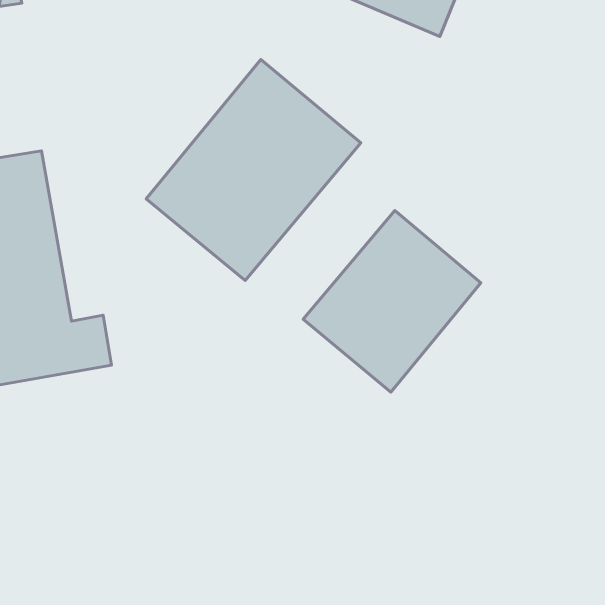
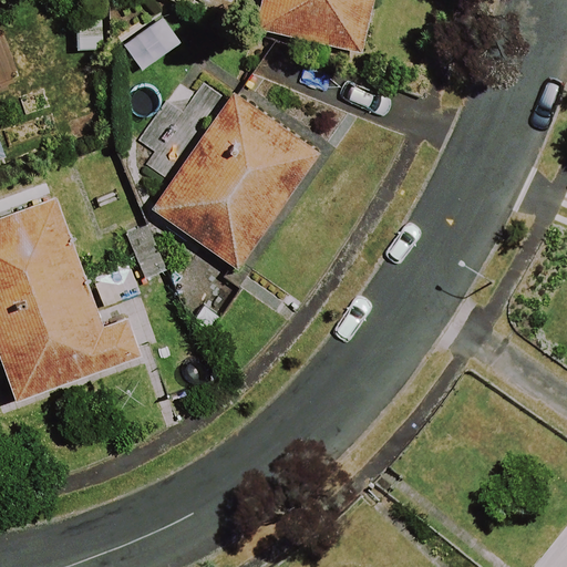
building: [303,210,481,392] -> none

